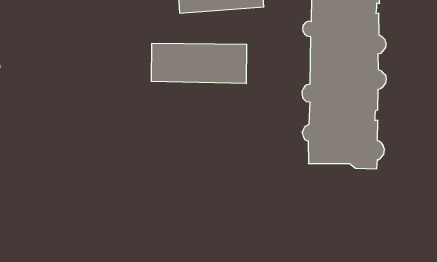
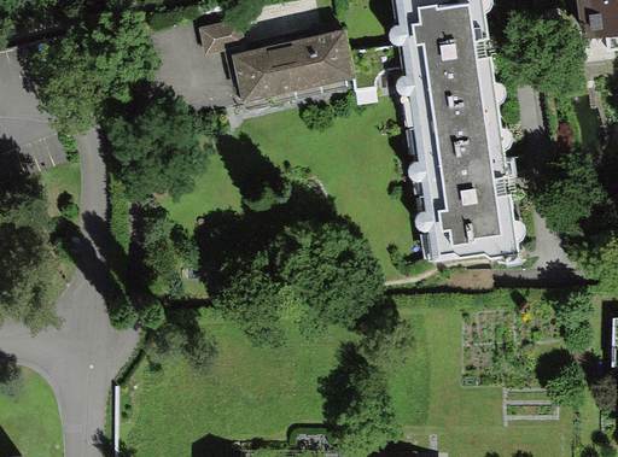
building: [151,43,247,84] -> none

